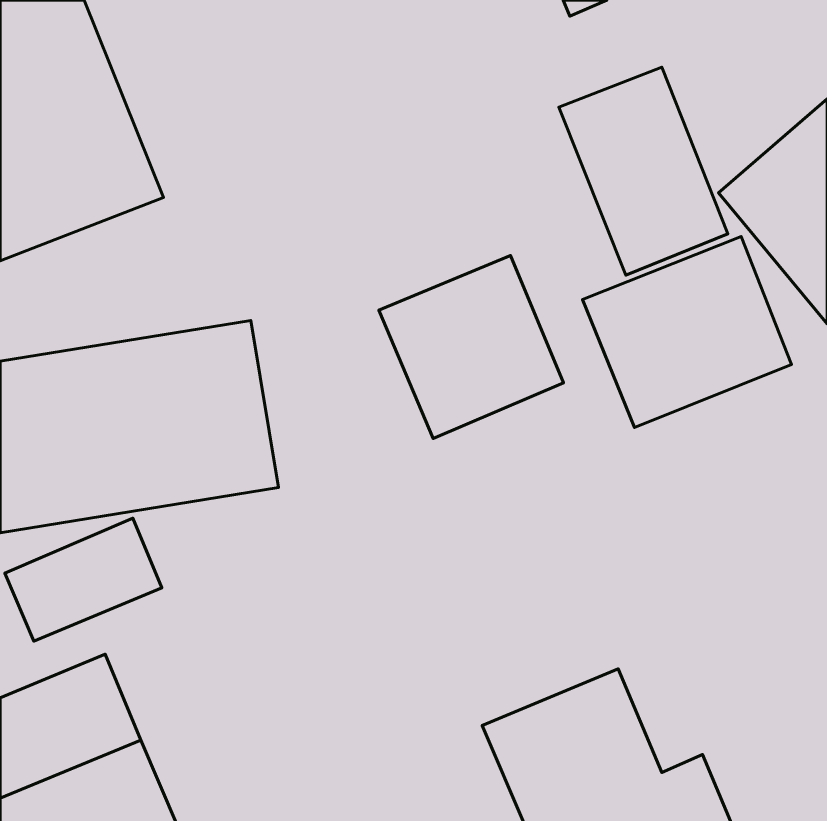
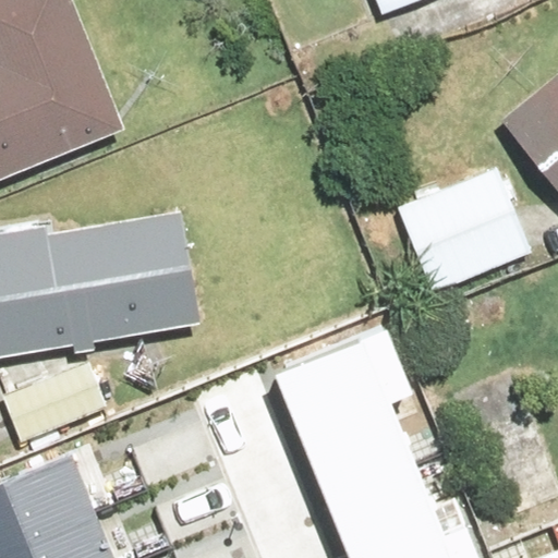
building: [559,67,728,275] -> none
building: [379,255,563,438] -> none
building: none -> [268,308,416,493]

